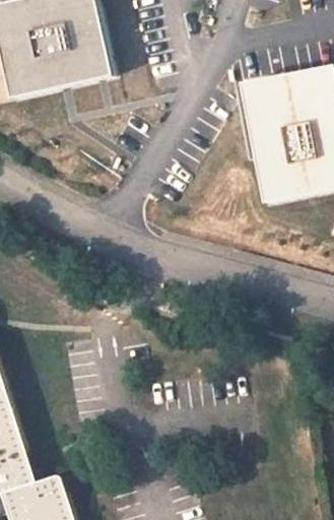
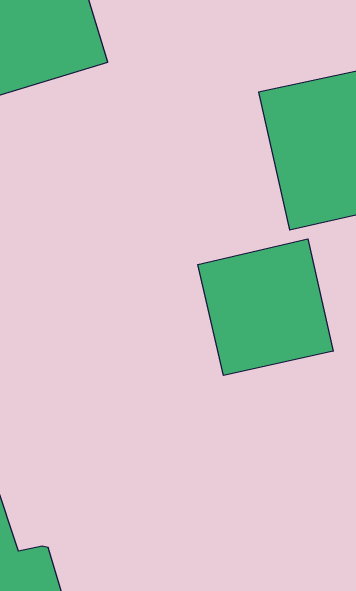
building: none -> [198,239,333,375]

